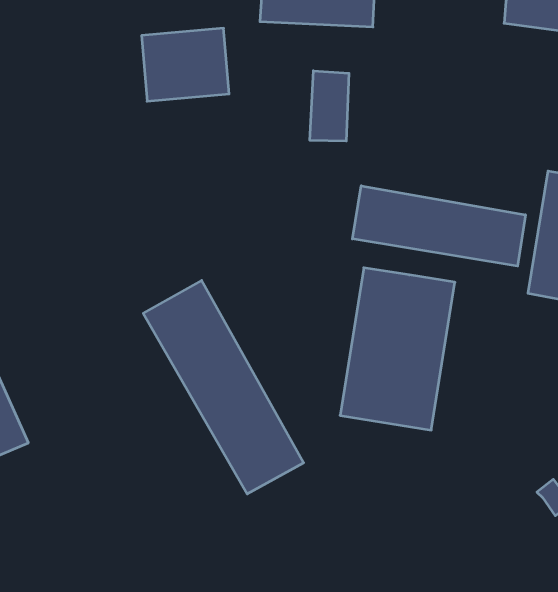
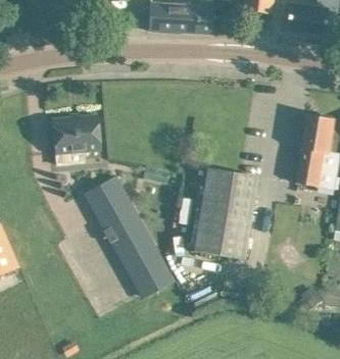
building: [142,28,229,101] -> [50,114,99,155]
building: [310,71,349,141] -> none
building: [352,186,525,266] -> none

